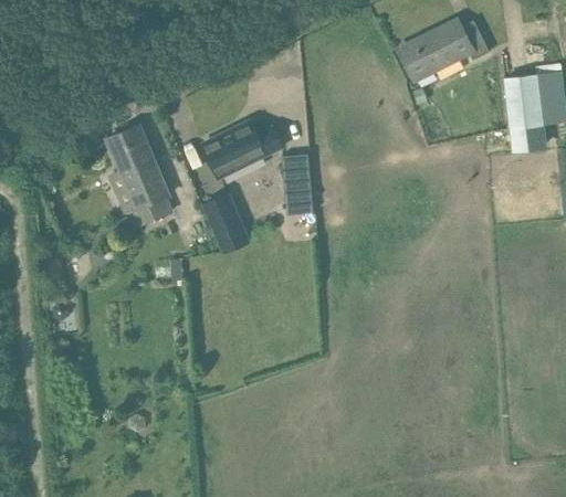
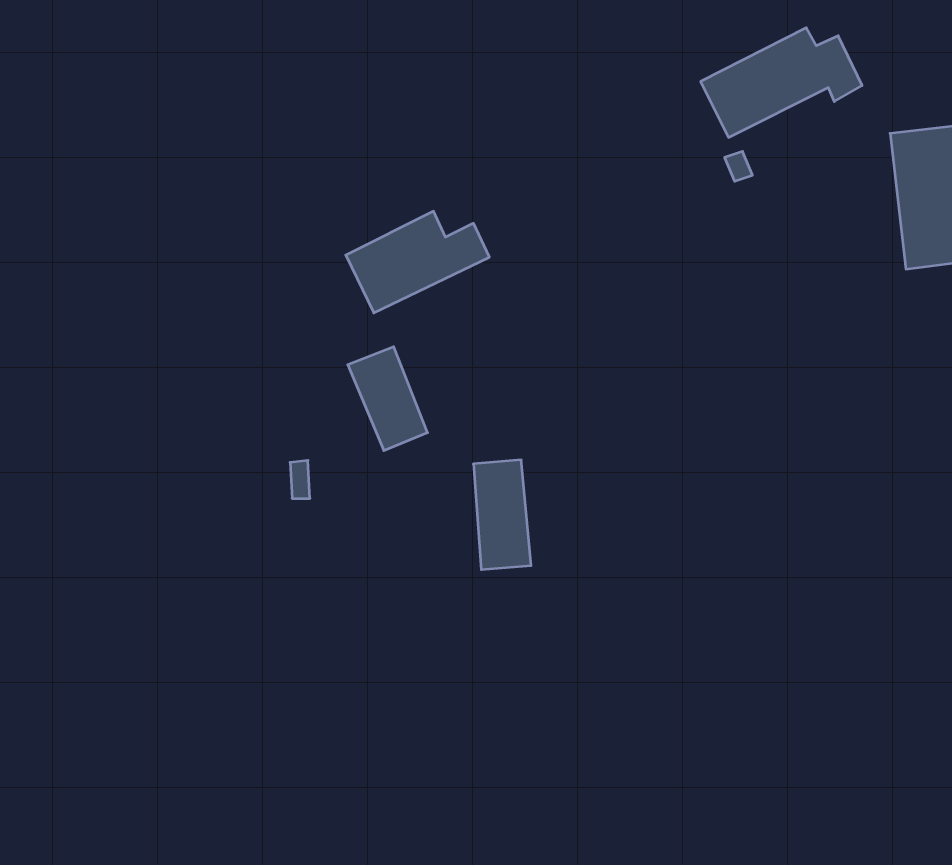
building: [106,126,170,225] -> none
building: [281,155,313,215] -> [473,460,531,570]

